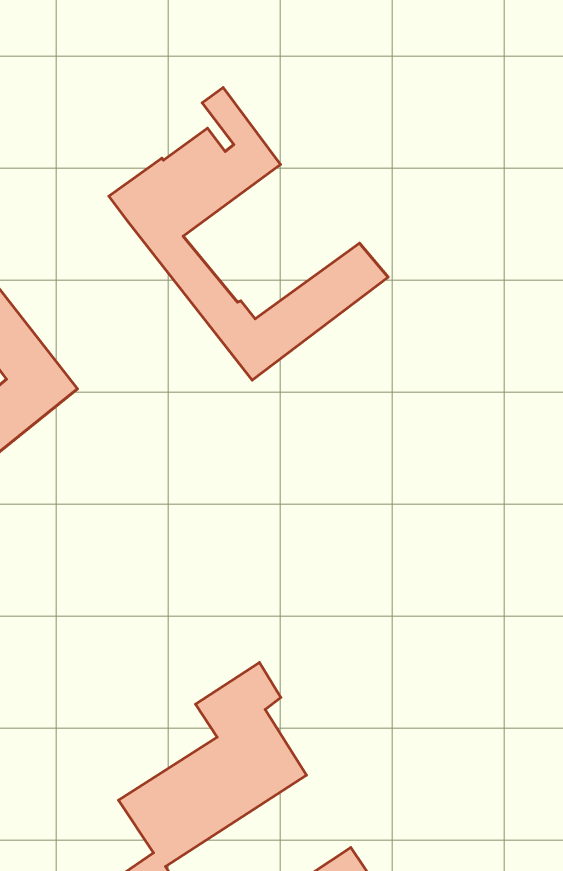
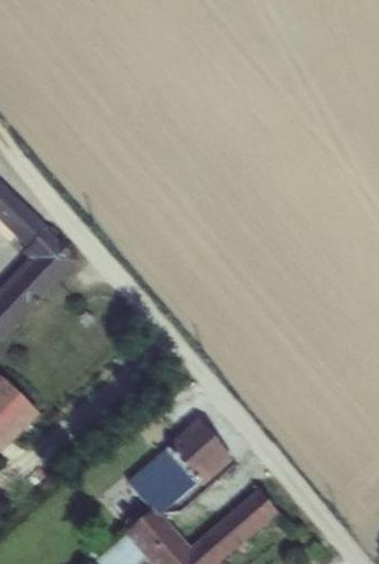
building: [109,88,388,380] -> none

